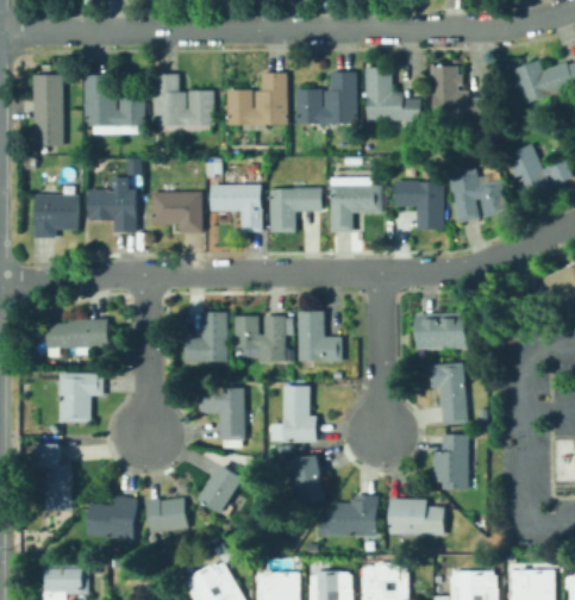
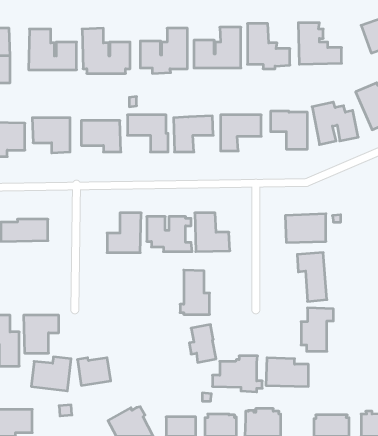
building: [58,373,104,421] -> [24,315,59,353]
building: [199,386,245,448] -> none
building: [199,463,244,513] -> none

